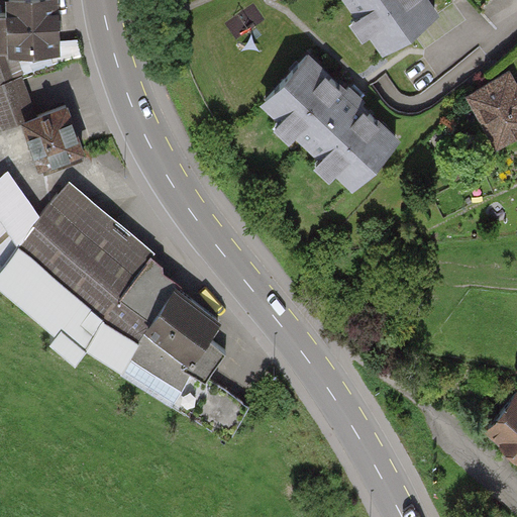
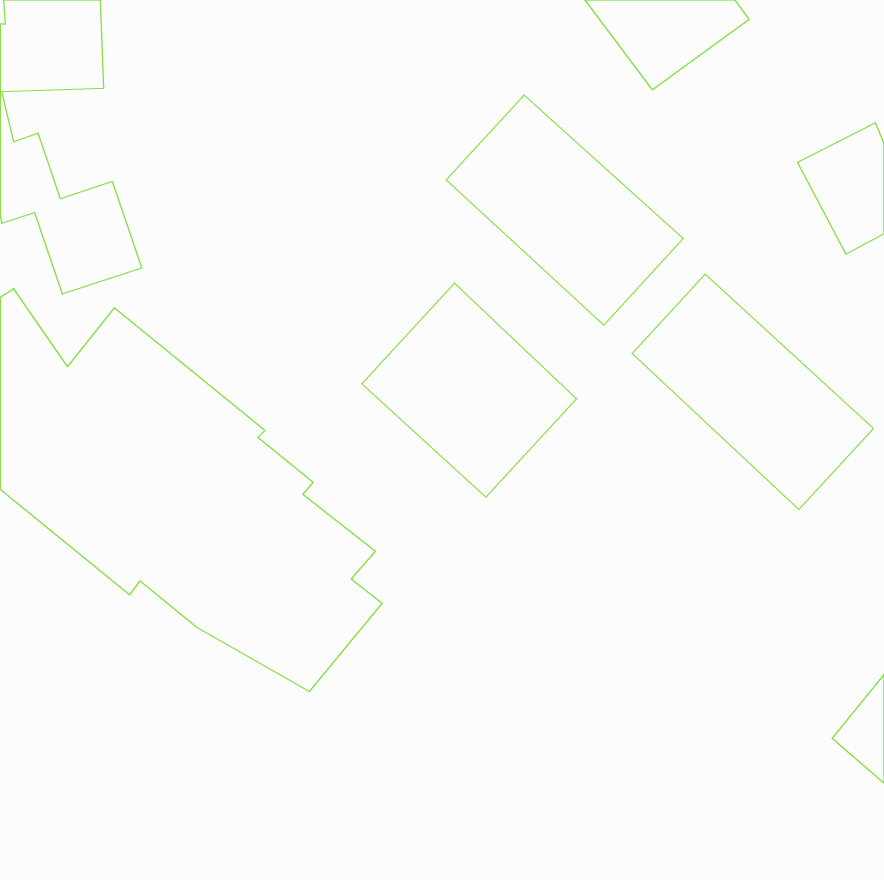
building: none -> [632,274,873,509]
building: none -> [362,283,577,497]

